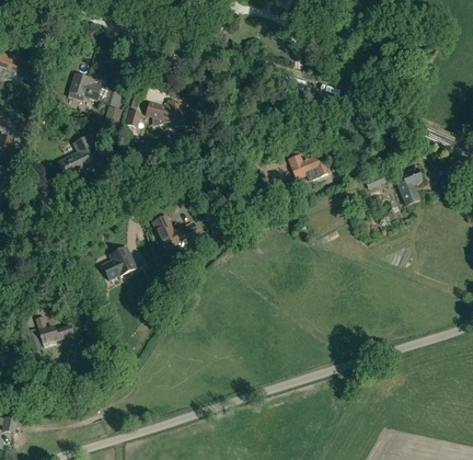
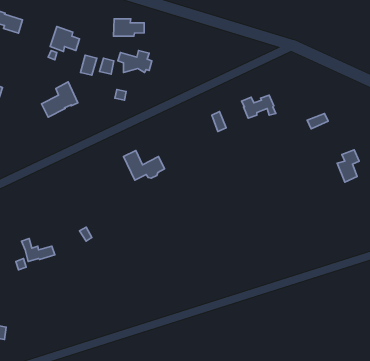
building: none -> [114,19,144,36]
building: [395,169,420,206] -> [337,150,359,182]
building: [102,246,136,280] -> none

